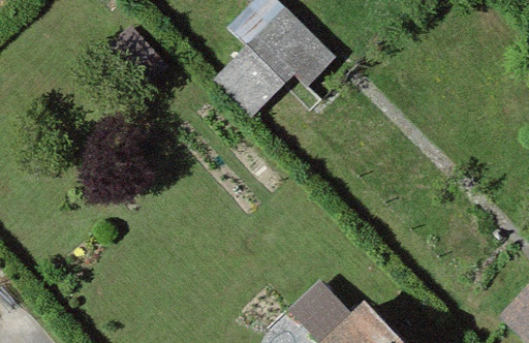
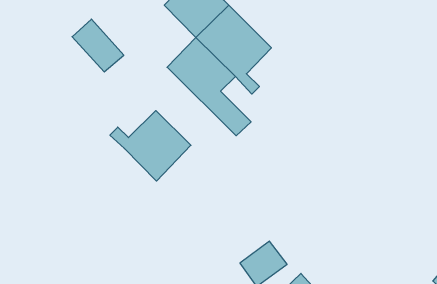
building: none -> [110,111,191,181]

